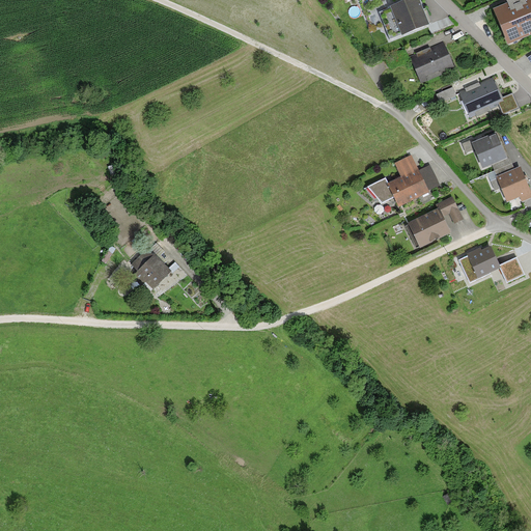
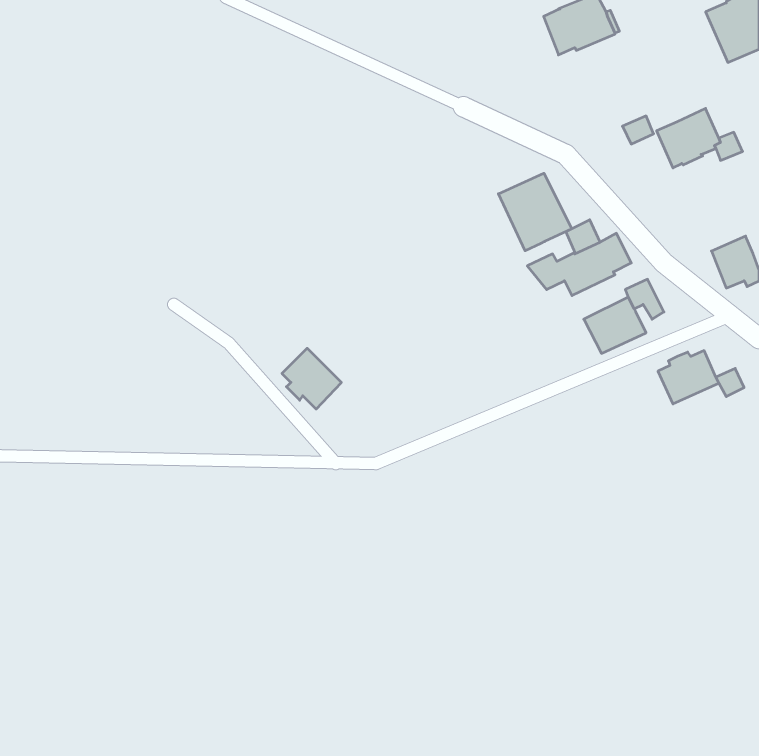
building: [410,39,455,81] -> none
building: none -> [498,173,572,251]
building: [472,134,507,168] -> none
building: [131,247,172,289] -> [282,348,341,409]

